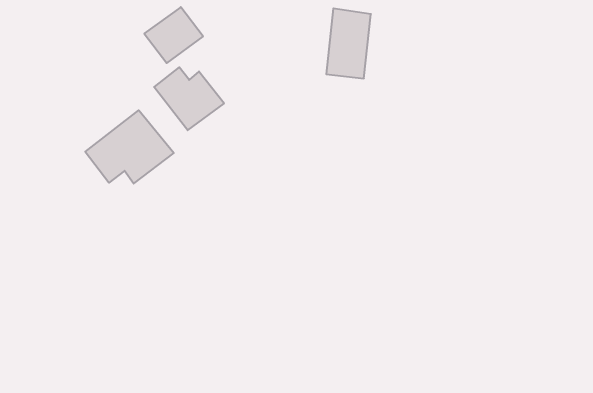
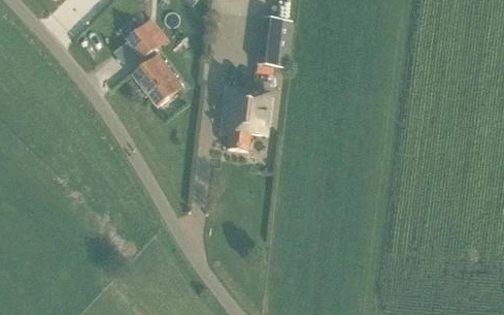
building: none -> [223,87,271,151]
building: [85,110,174,184] -> none

